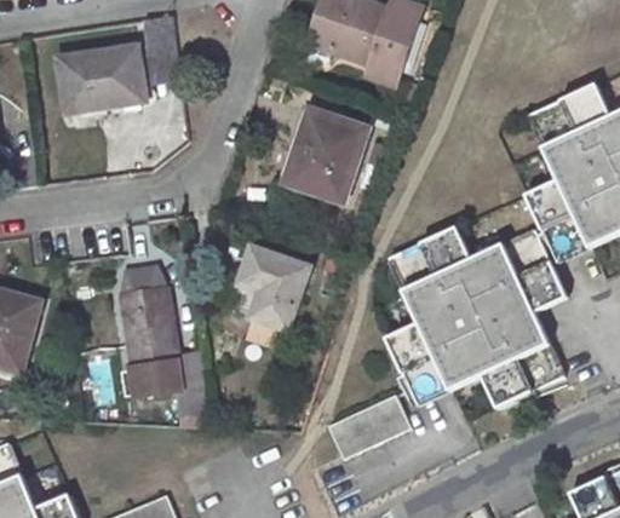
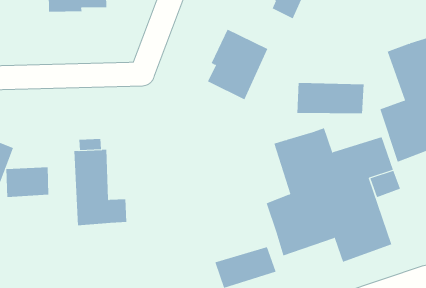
building: none -> [297,82,364,114]
building: [236,247,310,330] -> none
building: none -> [6,166,49,198]

